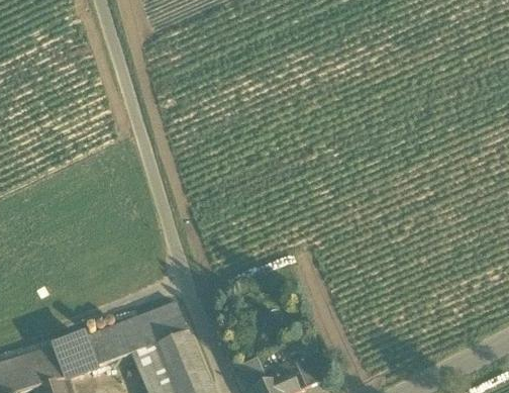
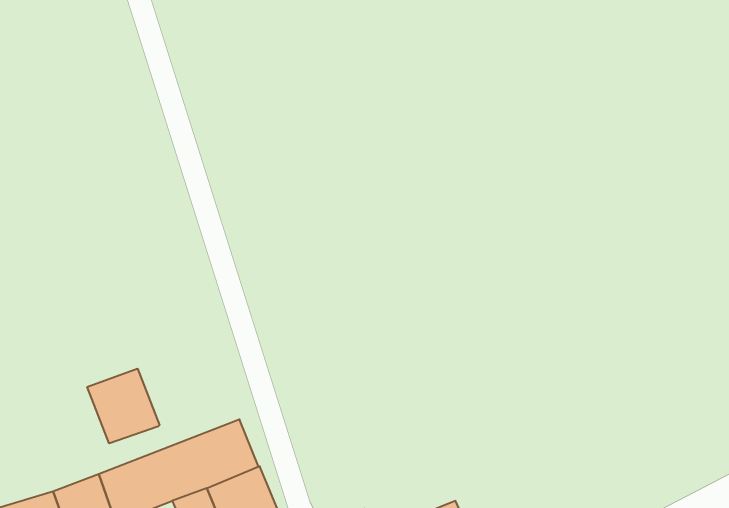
building: none -> [87,369,159,443]

